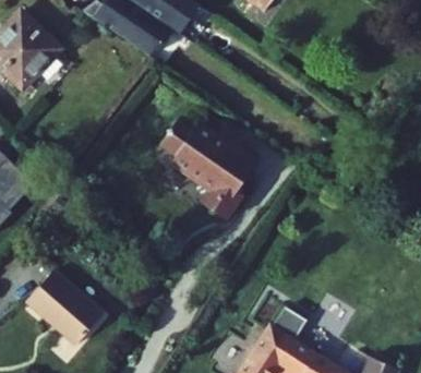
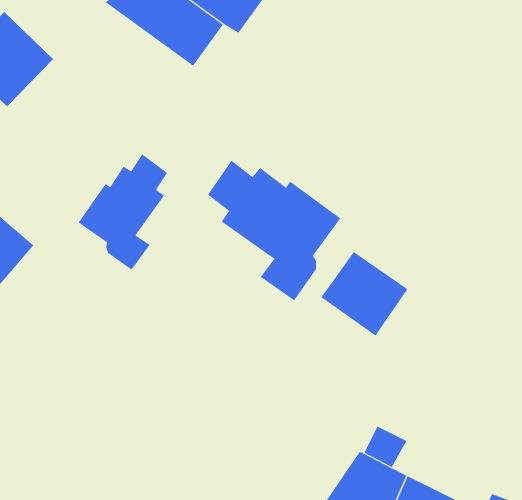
building: none -> [78,154,168,270]
building: none -> [321,251,408,337]
building: [26,278,103,350] -> none

